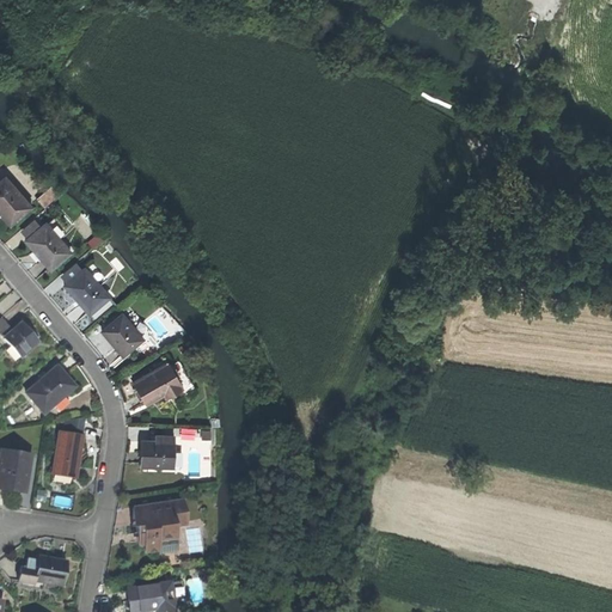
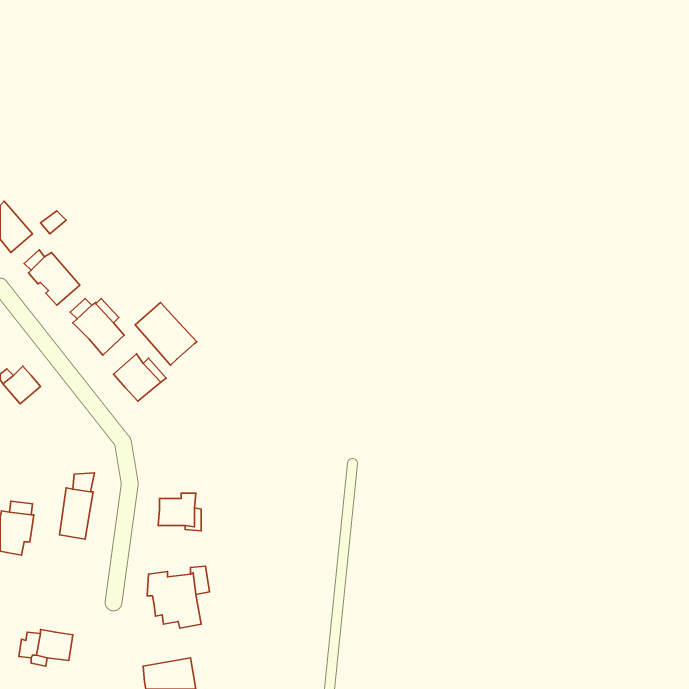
building: none -> [135,302,197,365]
building: [134,362,183,404] -> none
building: [26,367,74,414] -> none

